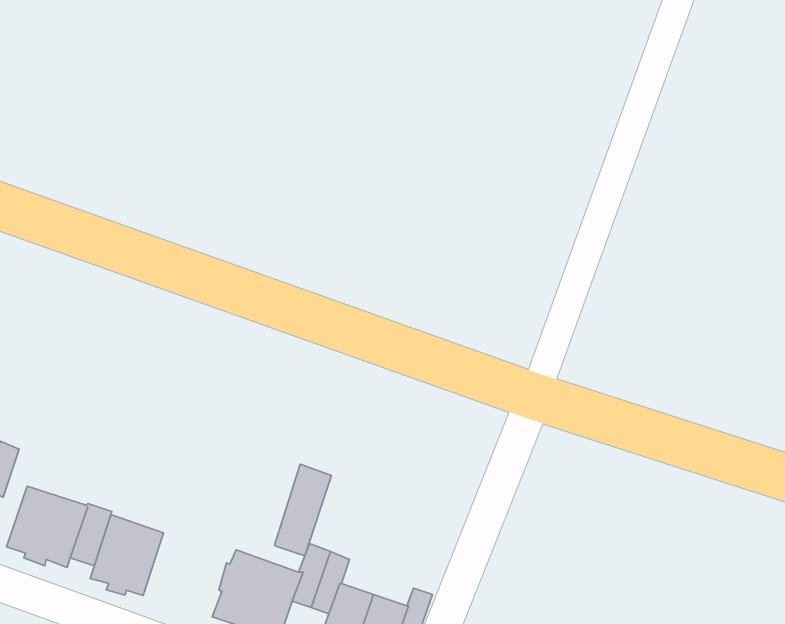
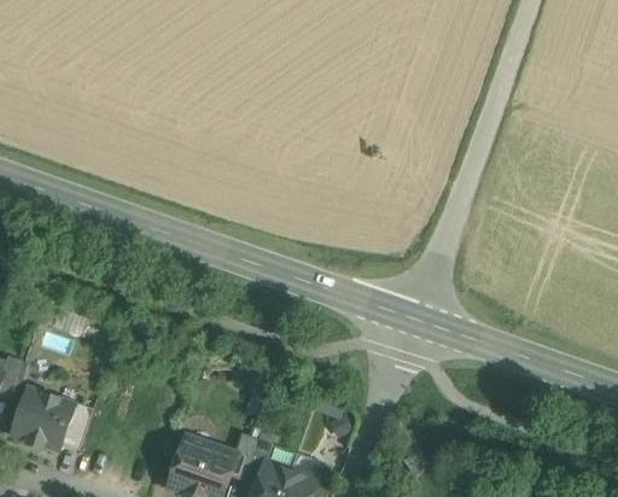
building: [275,464,332,556] -> none
building: [90,515,164,596] -> none

